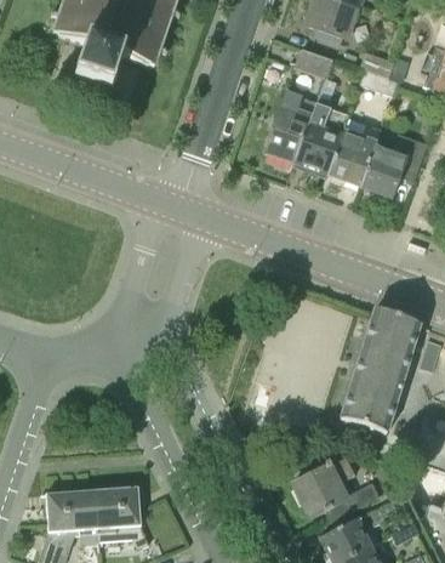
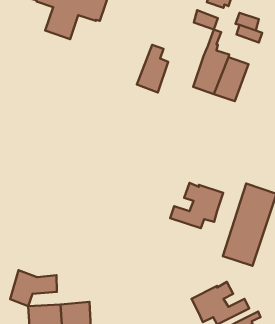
building: [263,91,310,163] -> [137,45,168,92]
building: [358,129,406,197] -> none
building: none -> [170,183,223,228]
building: none -> [10,270,57,306]

